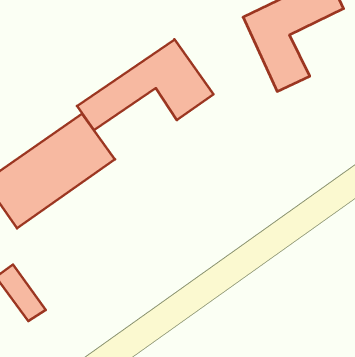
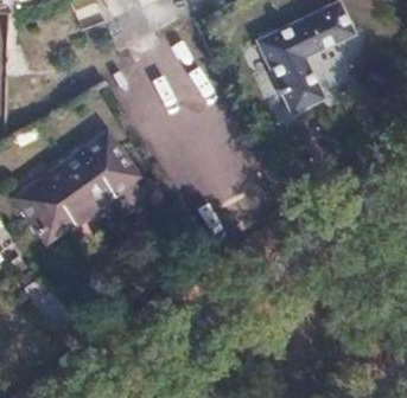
building: [77,39,213,130] -> none

